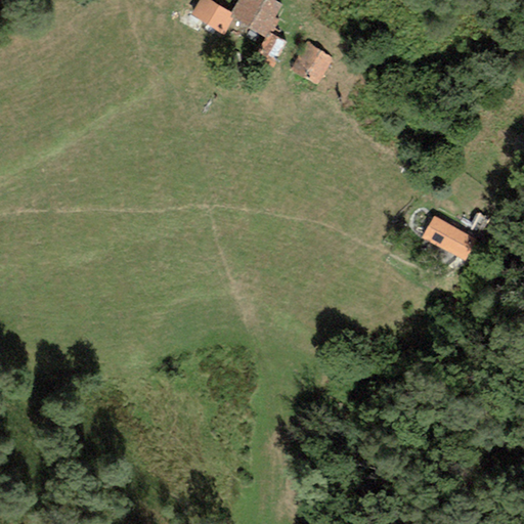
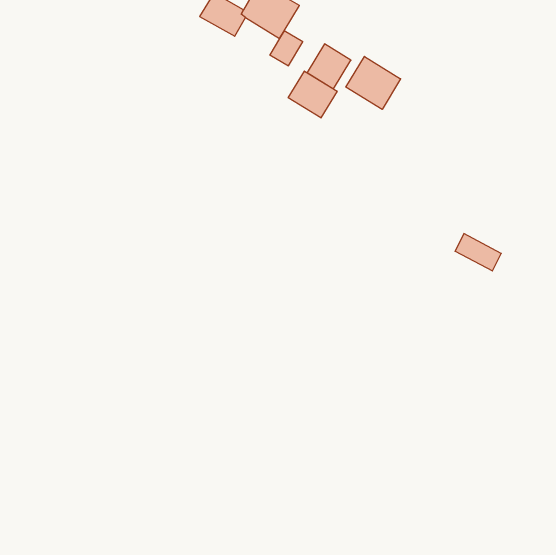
building: none -> [346,56,401,109]
building: none -> [288,71,337,118]

